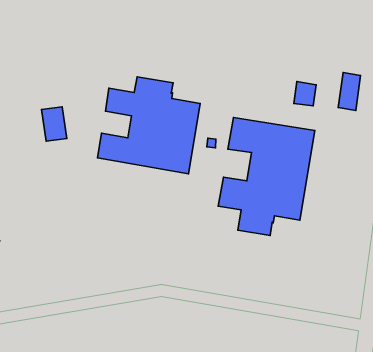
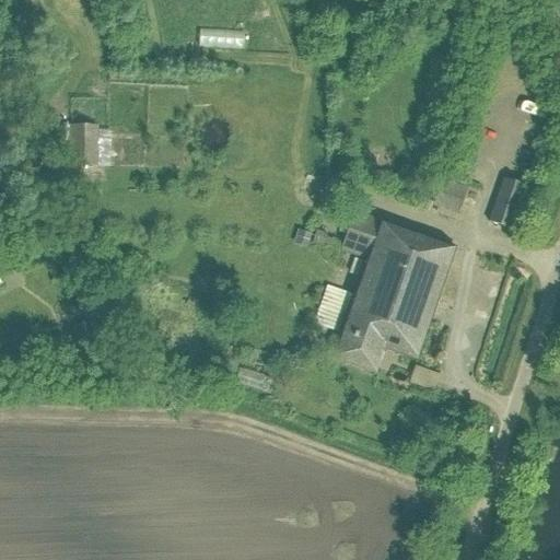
building: [98,77,200,174] -> none
building: [41,107,67,141] -> [70,124,98,166]

